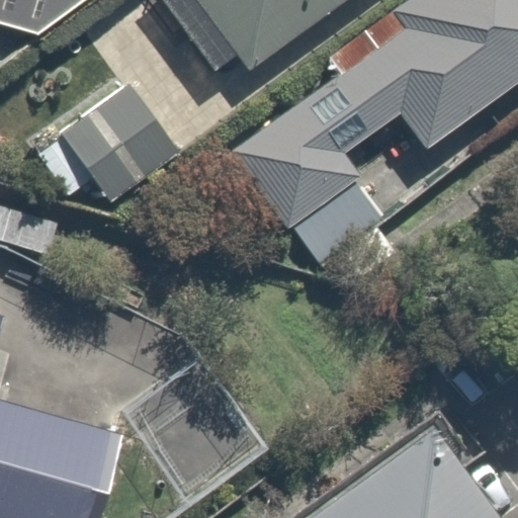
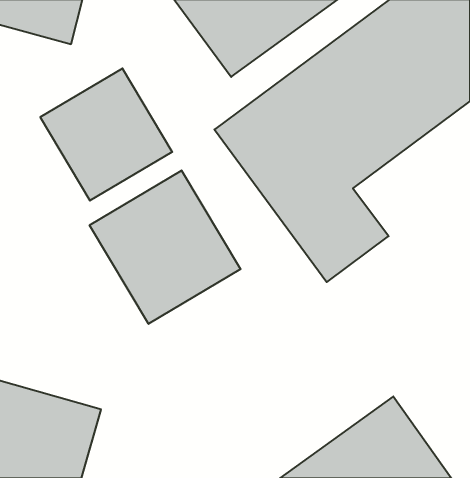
building: none -> [90,170,241,324]

